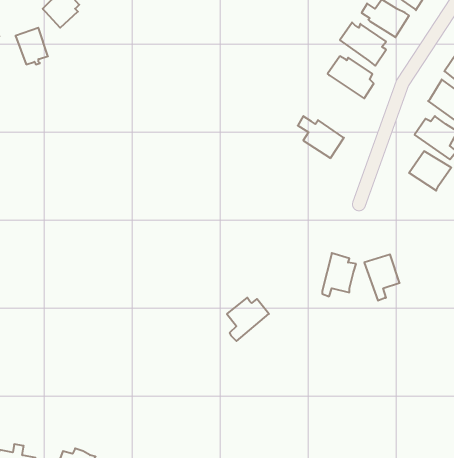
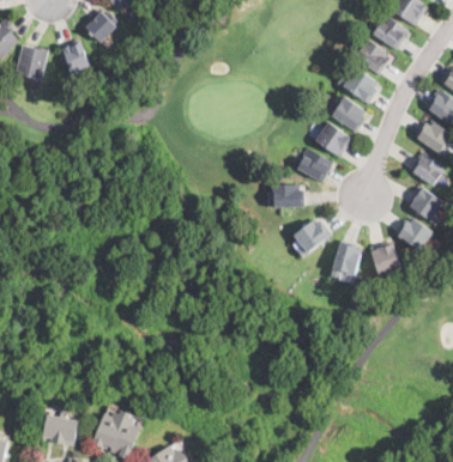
building: none -> [326,98,364,133]
building: none -> [296,148,332,182]
building: none -> [273,184,304,208]
building: none -> [405,184,443,224]
building: none -> [393,215,433,251]
building: [227,298,269,341] -> [294,220,331,259]

